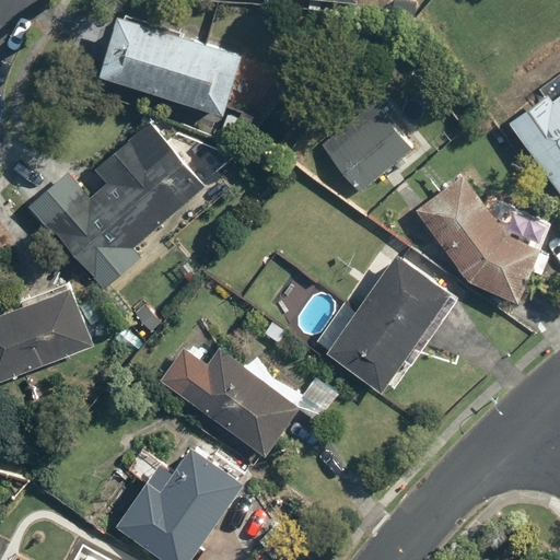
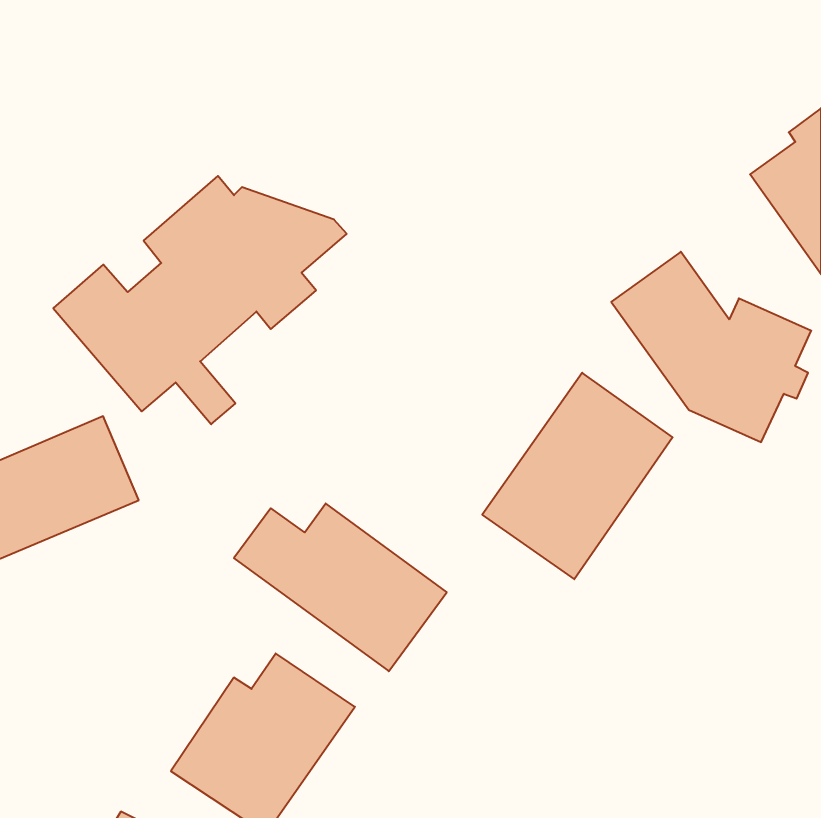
building: [97,16,241,114] -> none
building: [320,104,412,195] -> none

